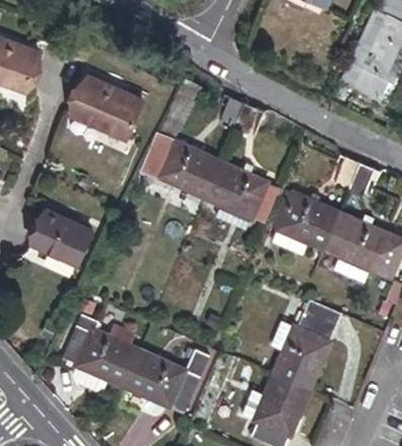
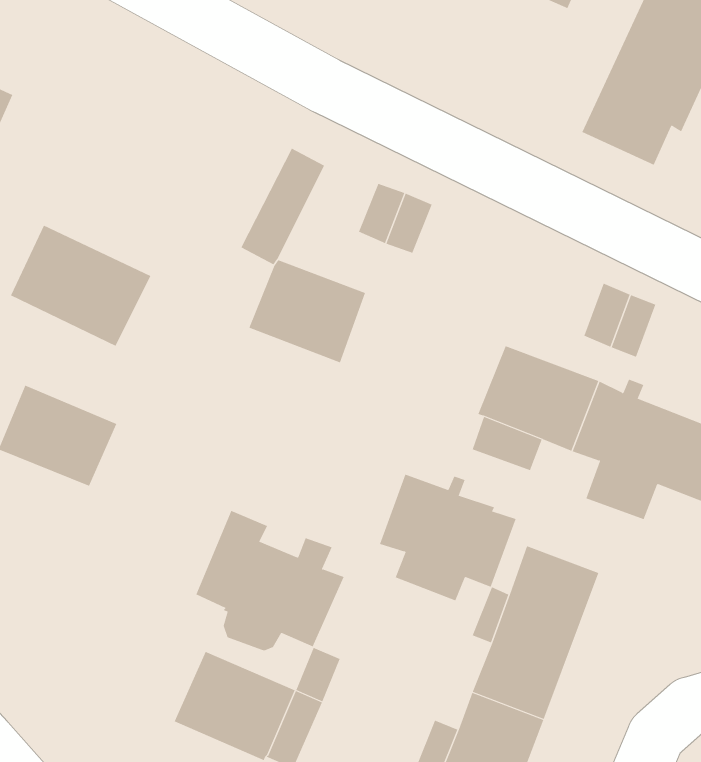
building: [65,86,138,149] -> [10,225,151,346]
building: [209,162,280,228] -> [379,474,517,601]
building: [61,314,138,387] -> [195,510,344,651]

